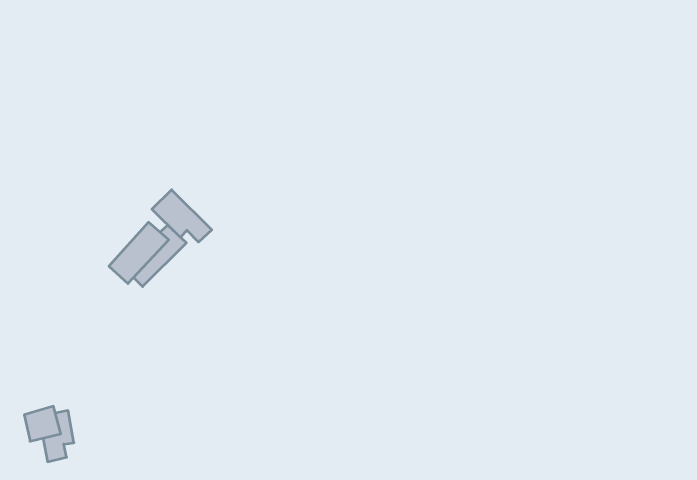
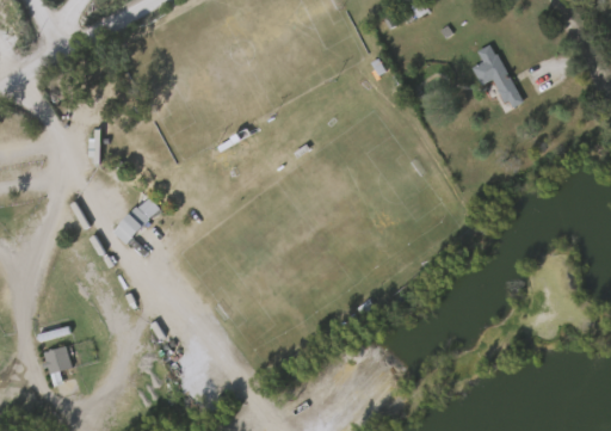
building: none -> [473,43,519,107]
building: [152,190,212,242] -> none

